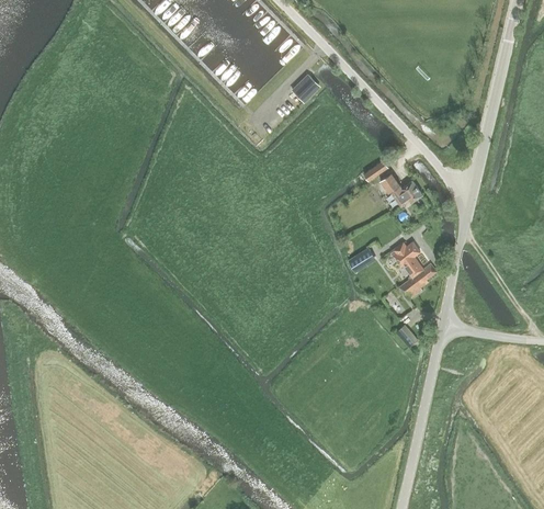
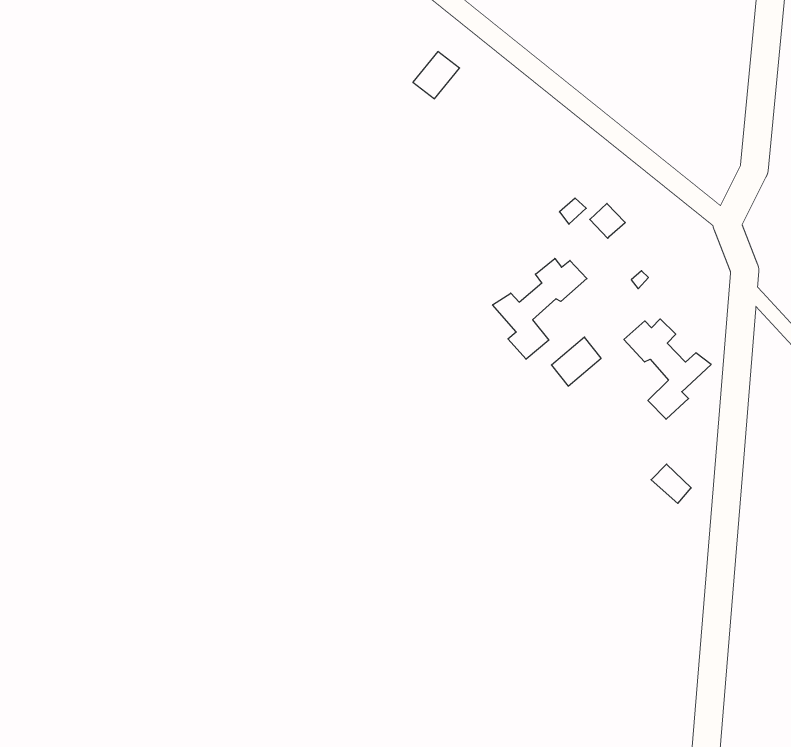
building: [390,180,422,206] -> none
building: none -> [493,258,587,359]

